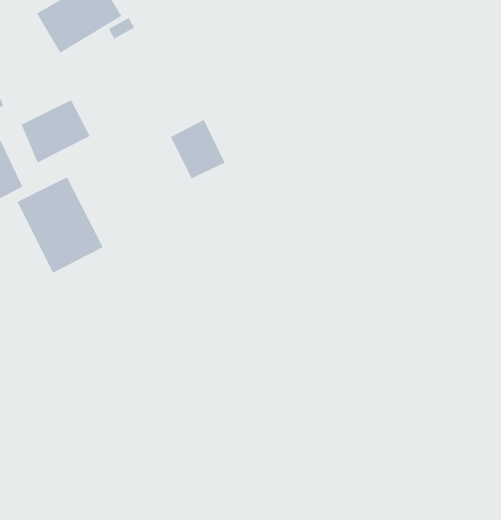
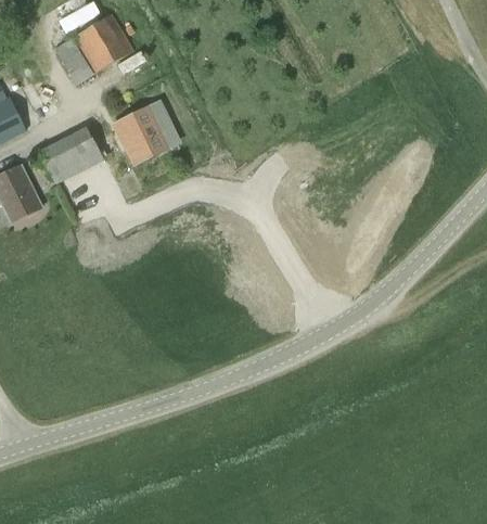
building: [170,119,226,179] -> [116,107,167,163]
building: [17,177,104,273] -> none

